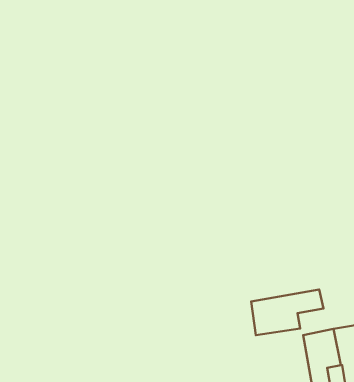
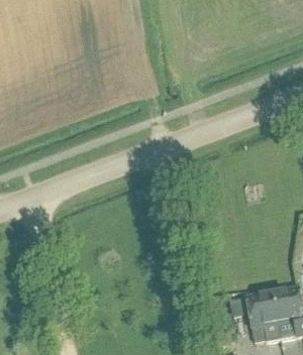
building: [251,290,323,335] -> none

